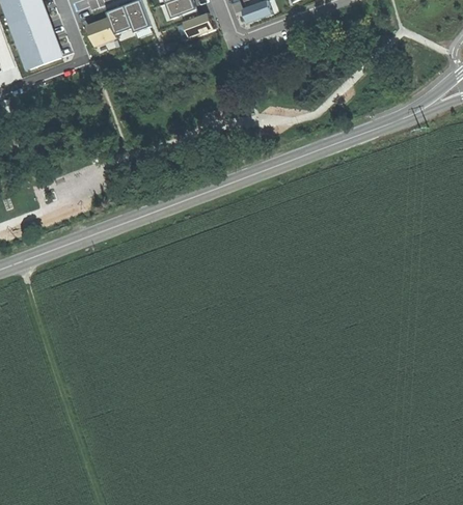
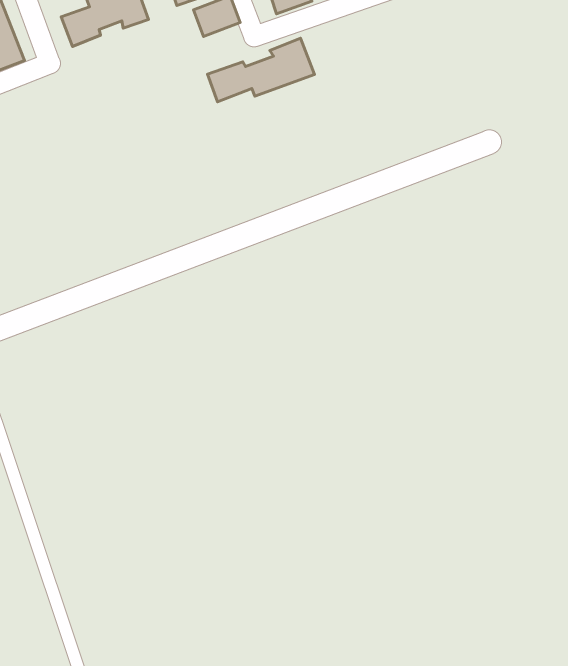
building: none -> [208,38,314,102]

